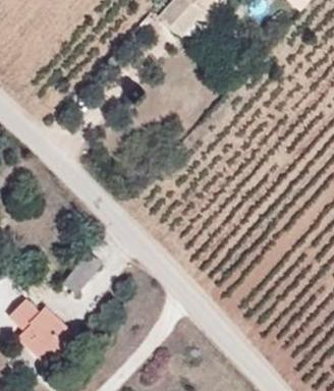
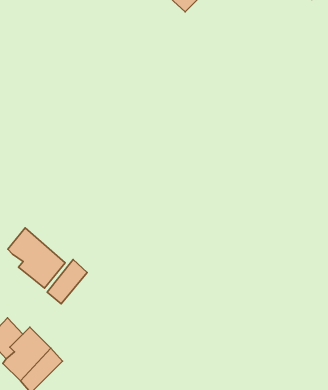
building: none -> [8,228,65,288]

